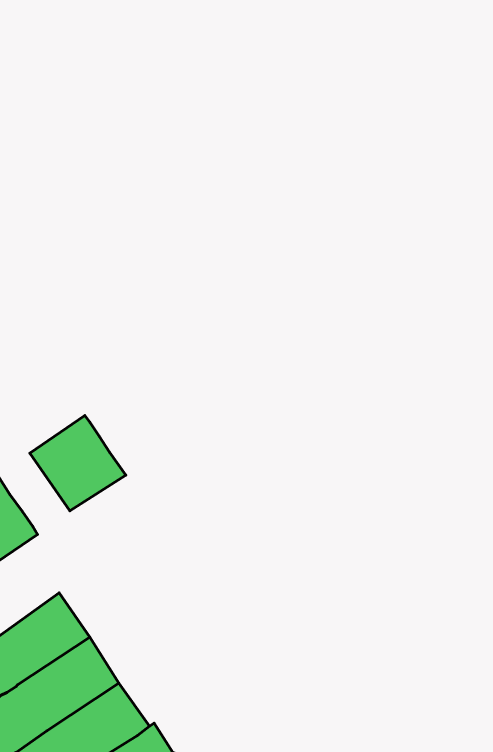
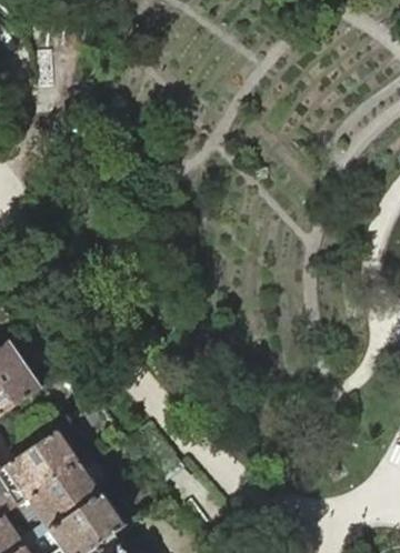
building: [30,416,126,511] -> none

